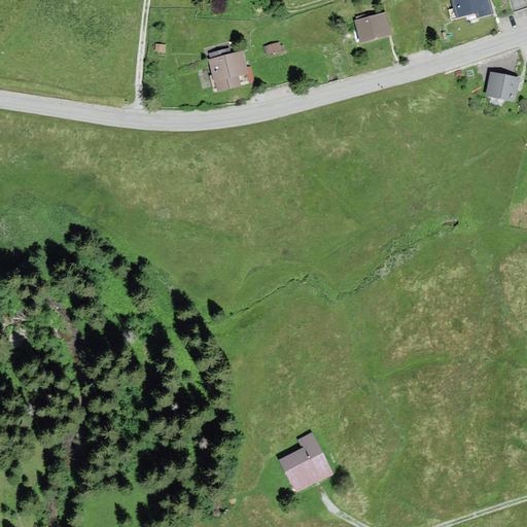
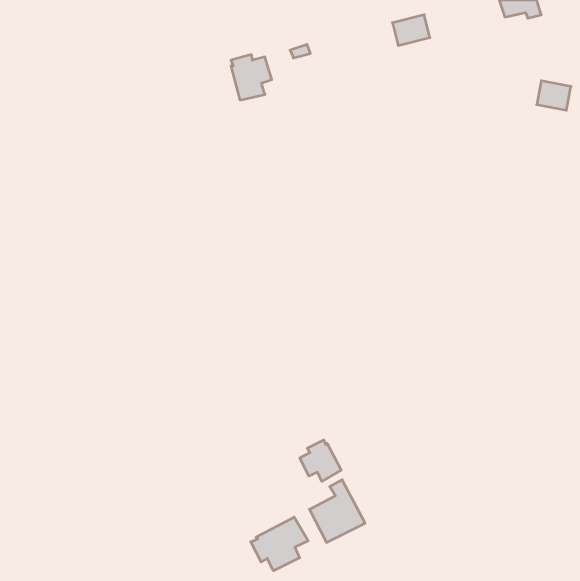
building: none -> [300,440,341,481]
building: none -> [251,517,308,571]

